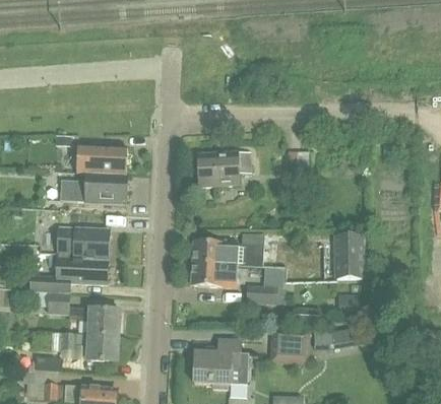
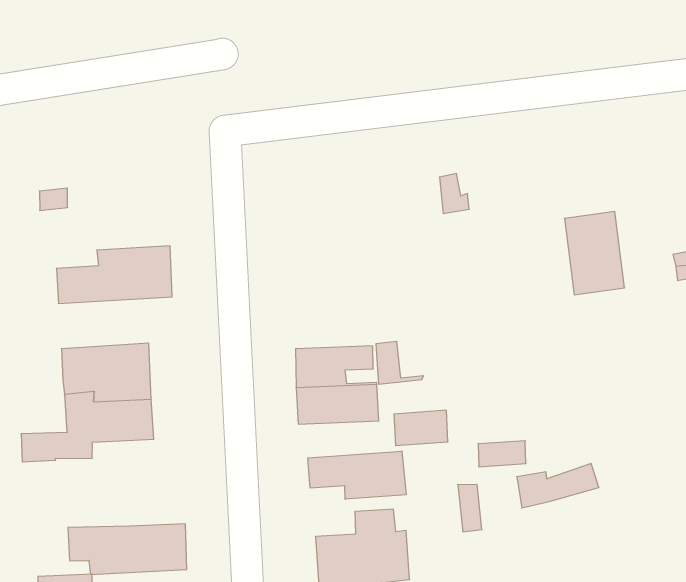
building: [77,145,128,174] -> none
building: [196,150,250,186] -> none
building: [333,233,364,279] -> [564,211,625,295]
building: [47,289,120,335] -> none
building: none -> [308,451,406,499]

